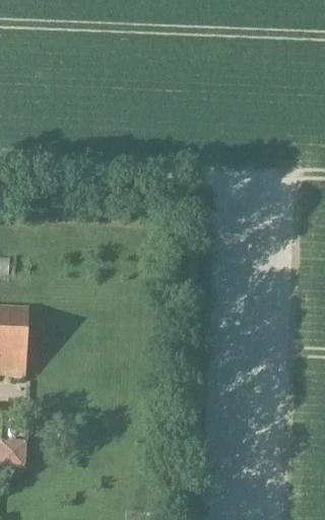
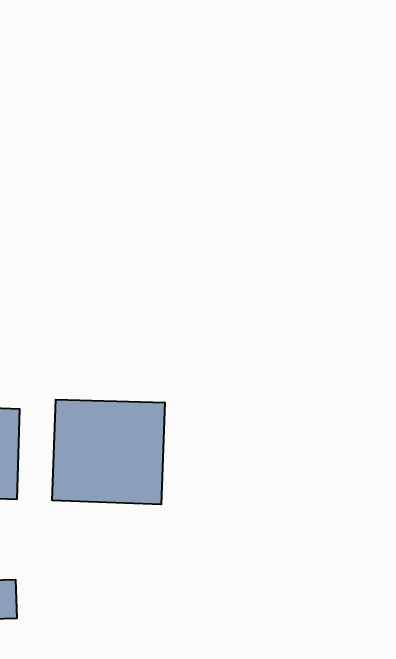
building: none -> [52,400,165,504]

